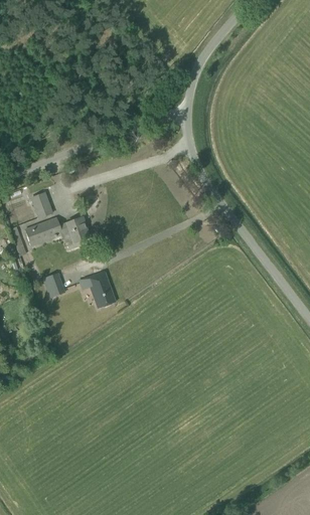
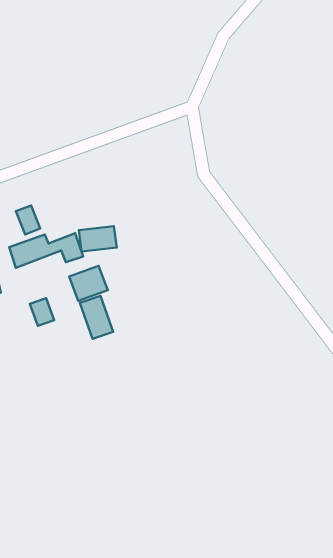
building: none -> [79,226,117,251]
building: none -> [69,266,108,301]

